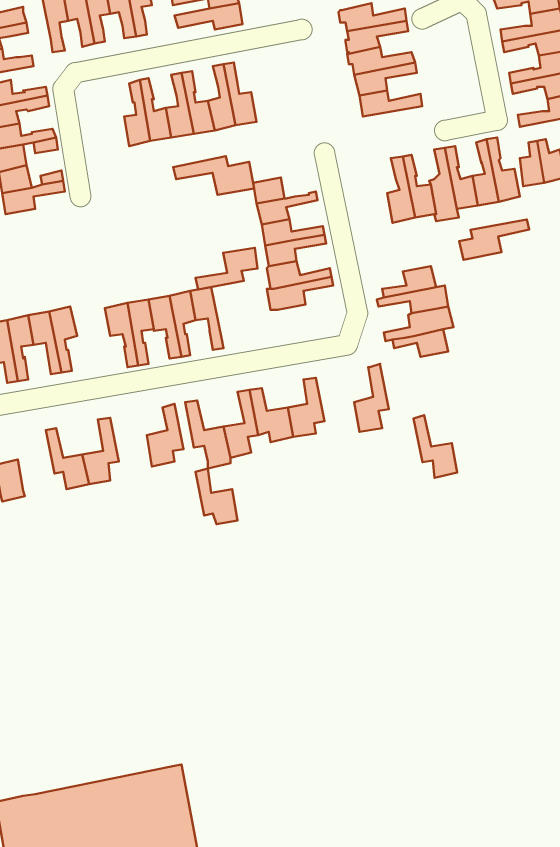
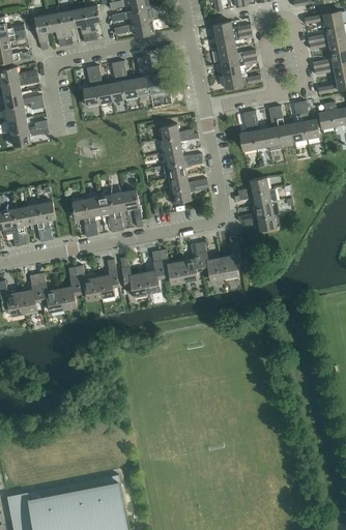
building: [173,156,254,195] -> none
building: [459,220,529,260] -> none
building: [195,248,257,289] -> none
building: [414,415,457,478] -> [197,241,223,278]
building: none -> [20,274,41,311]
building: [196,468,237,524] -> [75,265,99,298]

